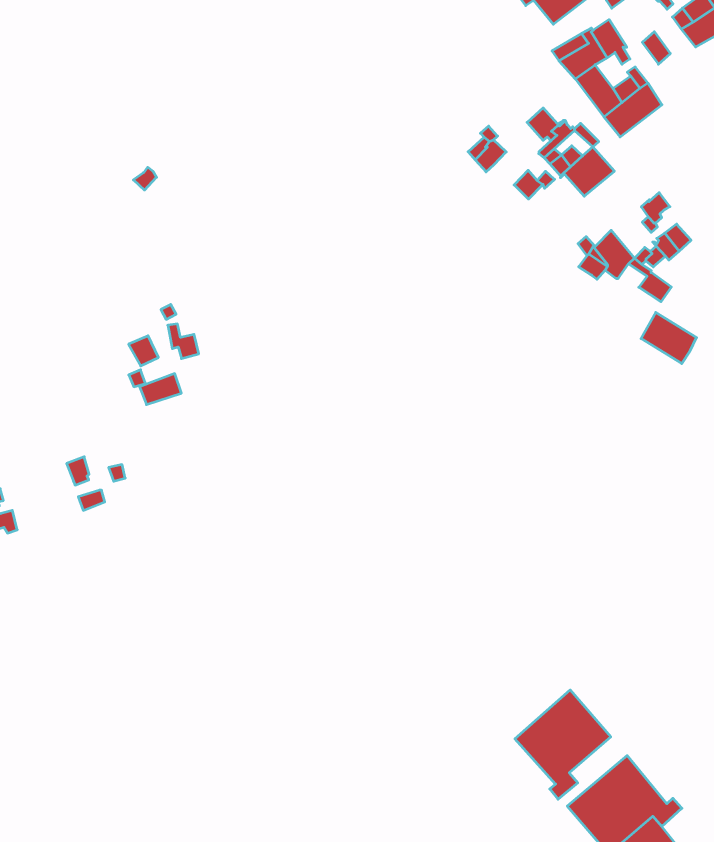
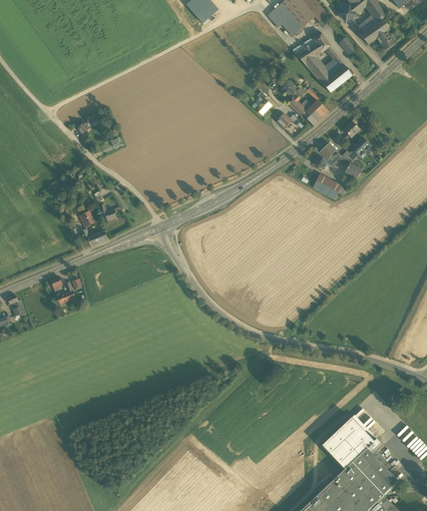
building: [641,312,697,364] -> [312,173,341,199]
building: [515,690,611,799] -> none

